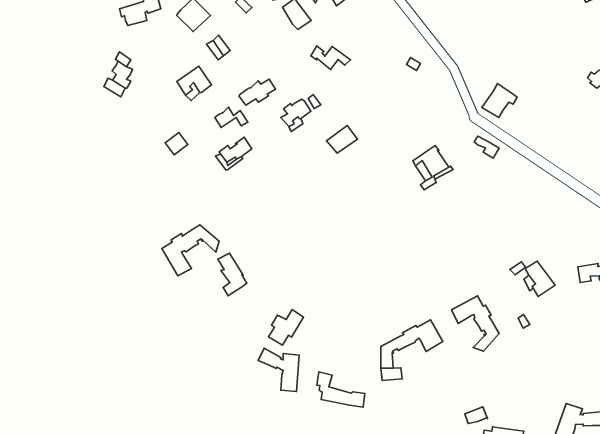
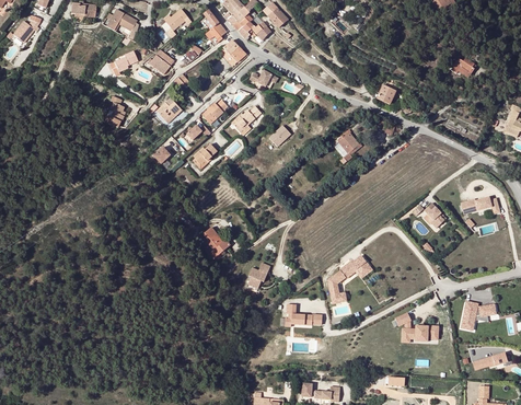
building: [162,225,219,276] -> none
building: [452,296,499,351] -> none
building: [258,348,299,391] -> none

